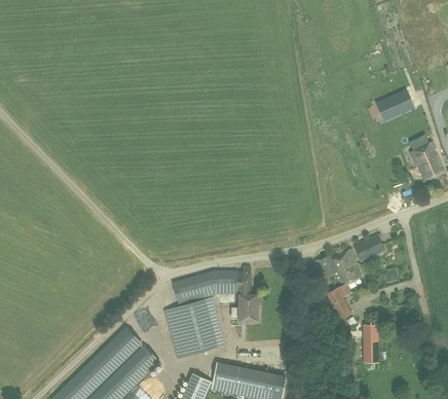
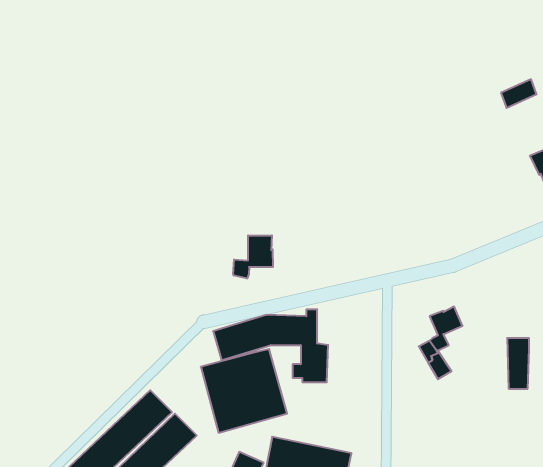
building: none -> [233,235,273,279]
building: [352,233,385,260] -> none
building: [320,251,354,276] -> none
building: [363,324,379,362] -> [507,338,529,389]

